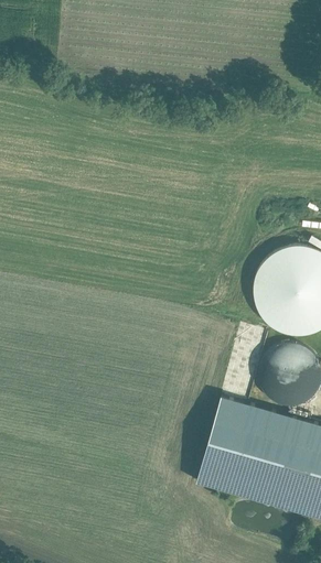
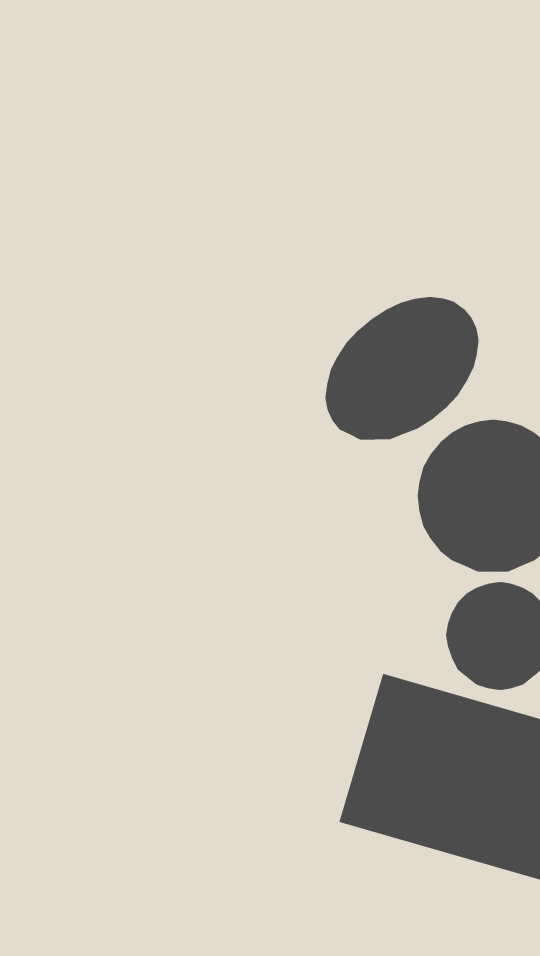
building: none -> [325,296,479,440]

